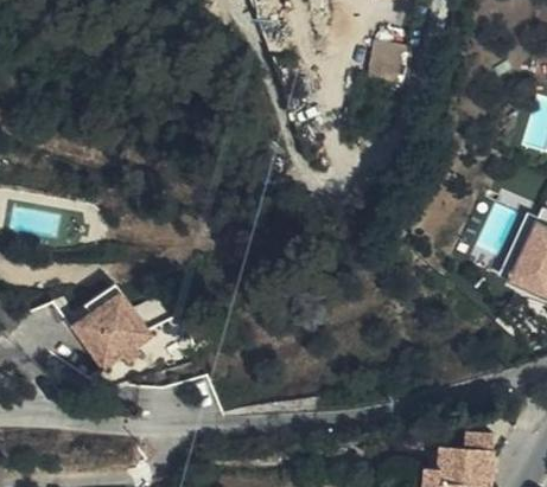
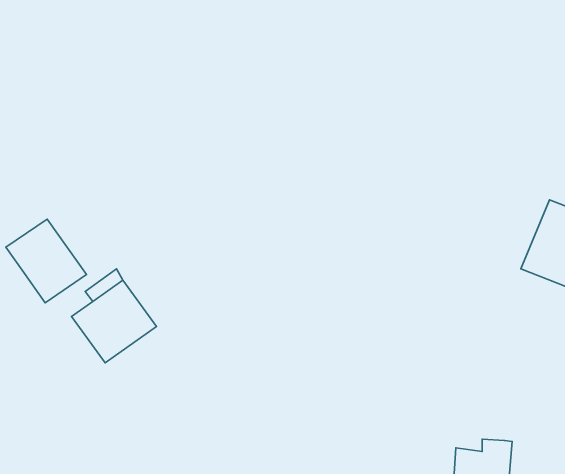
building: [370,38,412,83] -> none
building: none -> [6,219,87,303]

